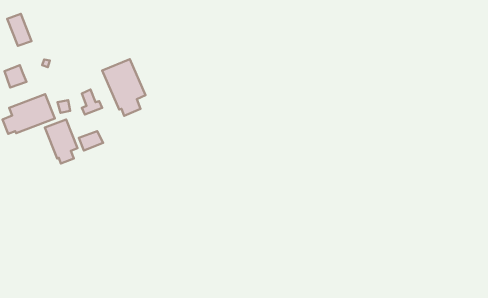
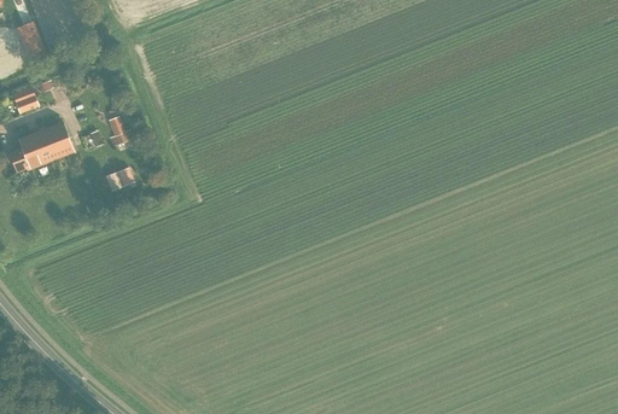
building: [102,59,145,116] -> none
building: [45,119,77,163] -> none

